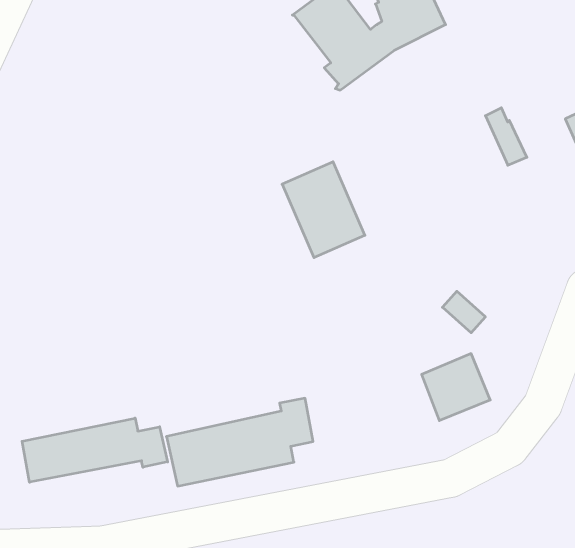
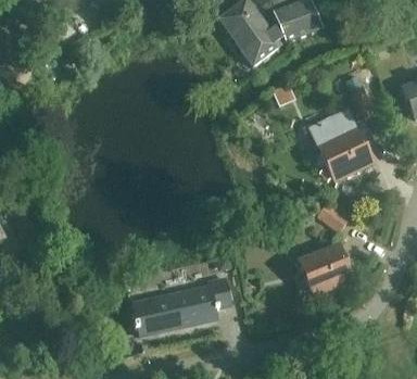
building: [282,162,365,258] -> [314,113,370,178]
building: [22,418,168,482] -> none

